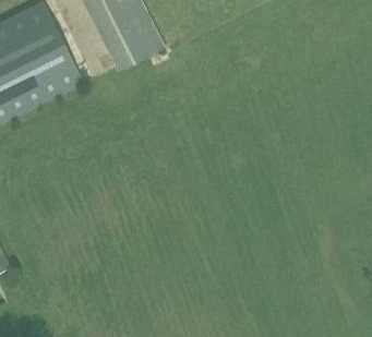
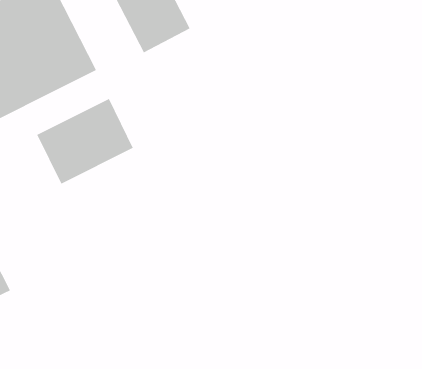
building: none -> [36,98,134,185]

